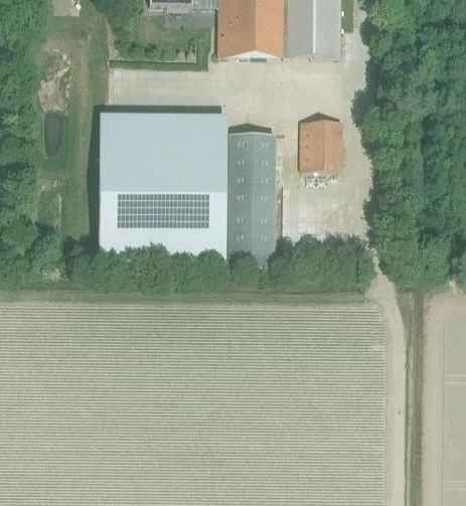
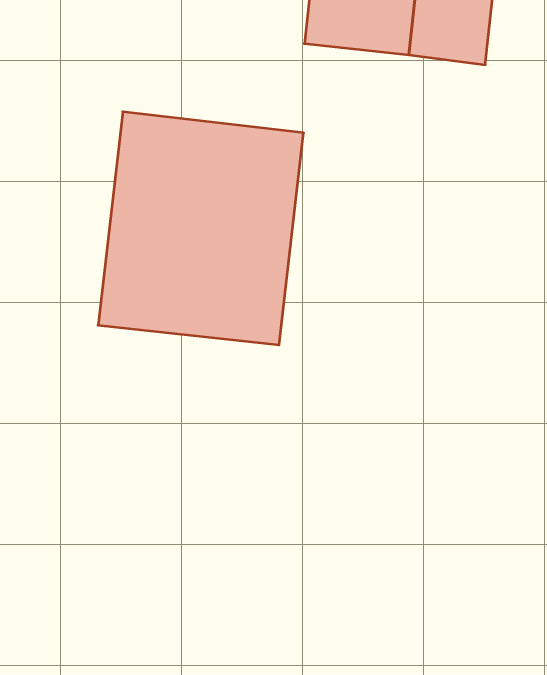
building: [300,118,342,183] -> none
building: [229,132,274,265] -> none

